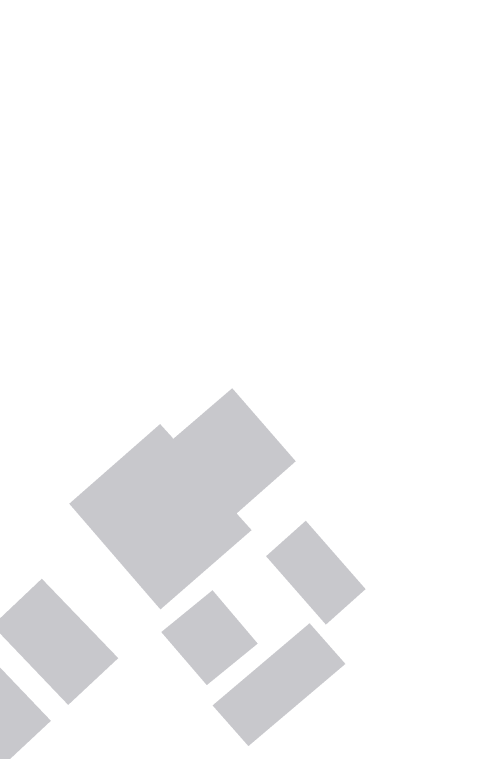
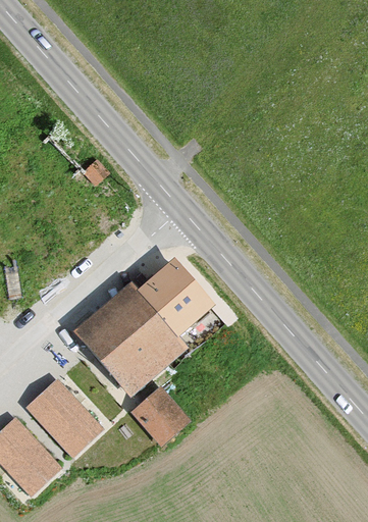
building: [265,520,367,626] -> none
building: [212,622,347,747] -> none

